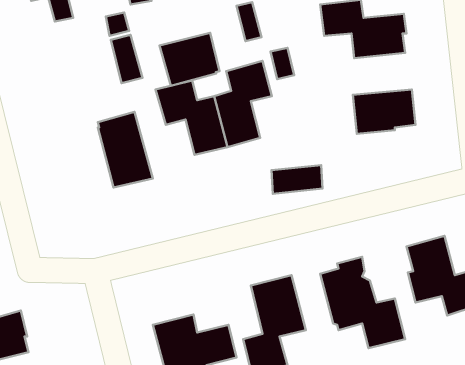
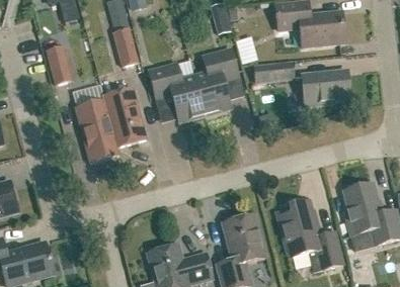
building: [160,33,220,86] -> none
building: none -> [48,46,72,84]
building: none -> [76,100,118,163]
building: [271,165,322,194] -> [254,60,294,82]

